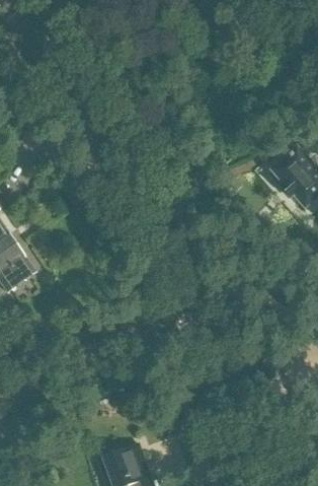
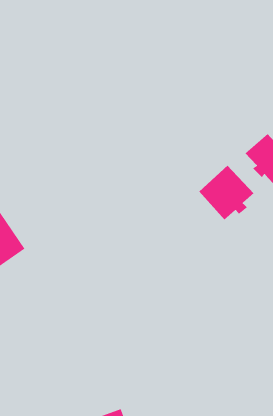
building: none -> [199,165,254,221]

